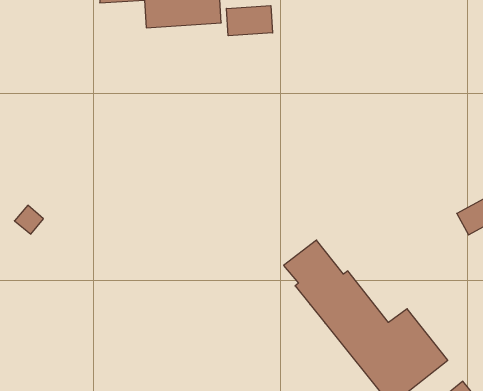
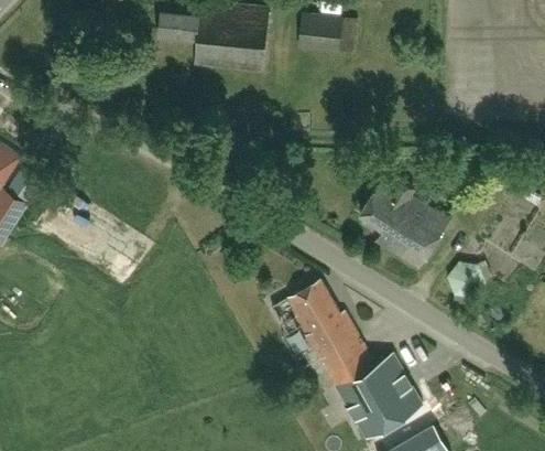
building: [226,6,273,36] -> none
building: none -> [359,178,448,268]

